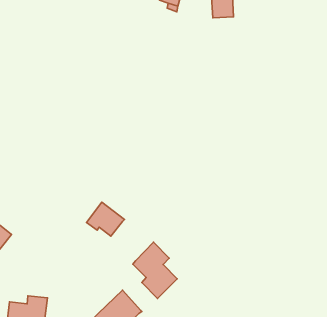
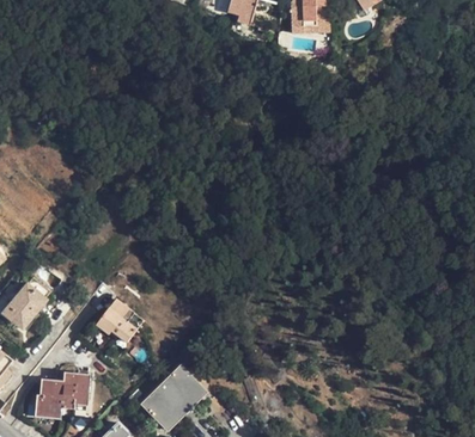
building: [86,202,124,236] -> [96,298,142,340]
building: [133,242,177,298] -> none

